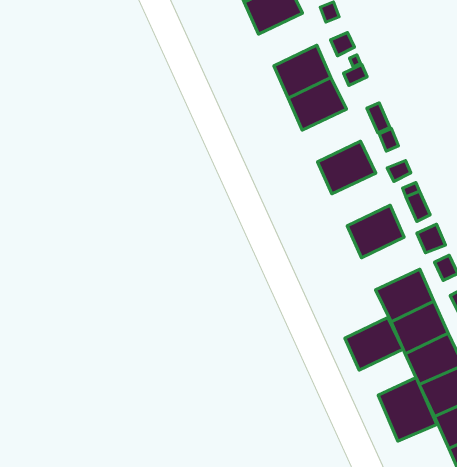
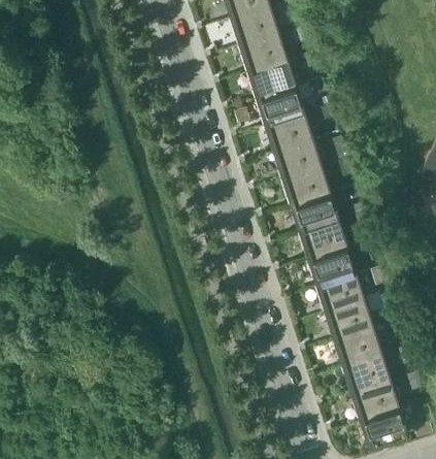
building: none -> [250,59,296,98]
building: none -> [276,139,322,178]
building: none -> [294,193,339,232]
building: [345,317,403,370] -> [311,247,357,286]
building: [378,378,437,441] -> none

